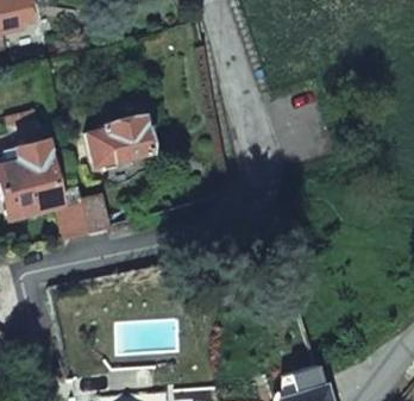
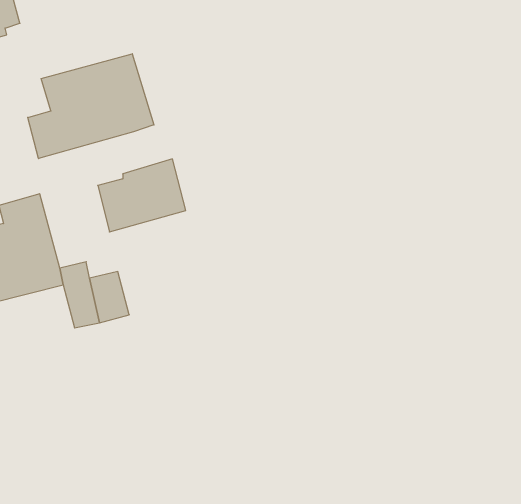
building: none -> [28,54,154,159]

